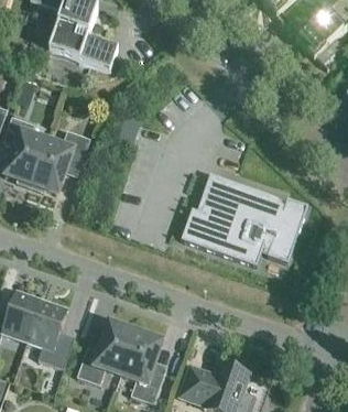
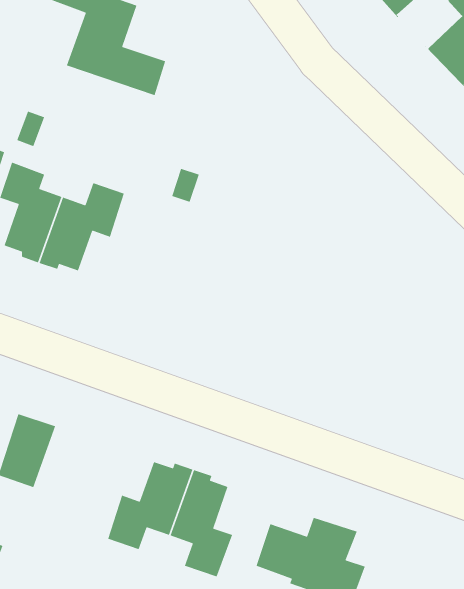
building: [181,177,307,265] -> none
building: [26,299,74,368] -> none

